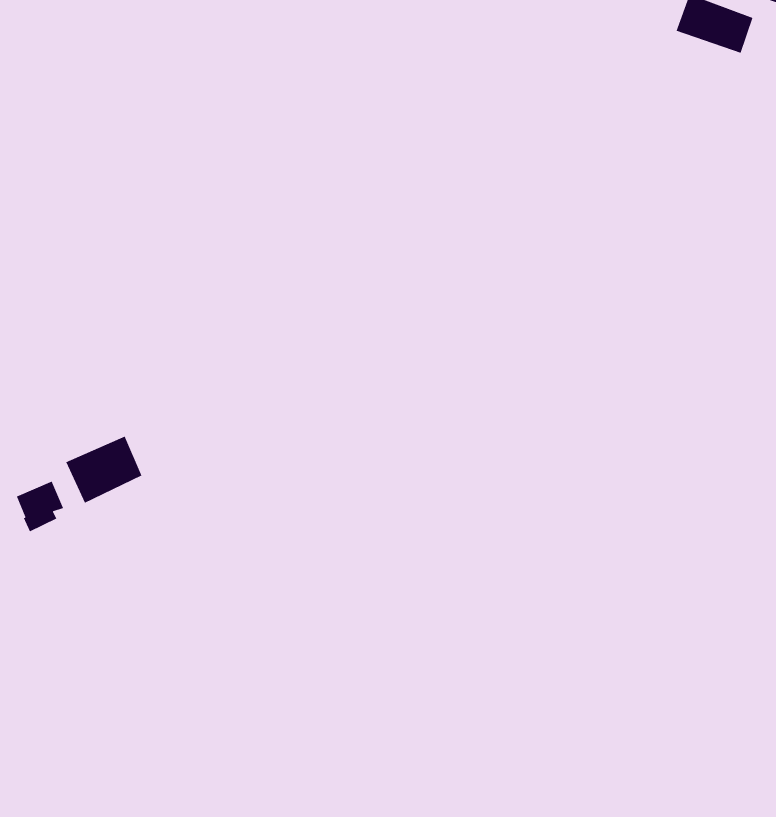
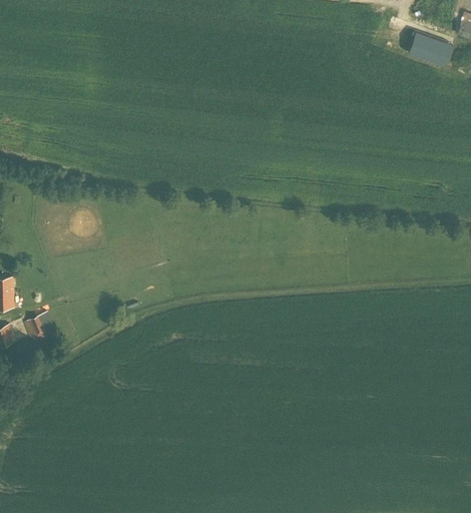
building: [65,436,143,504] -> none

